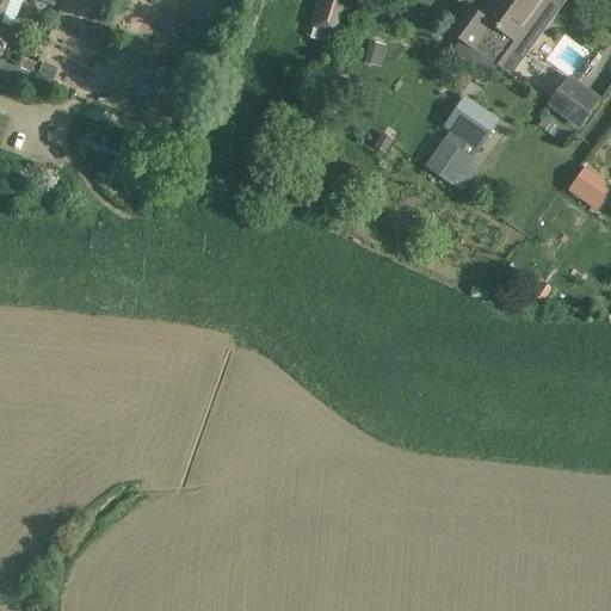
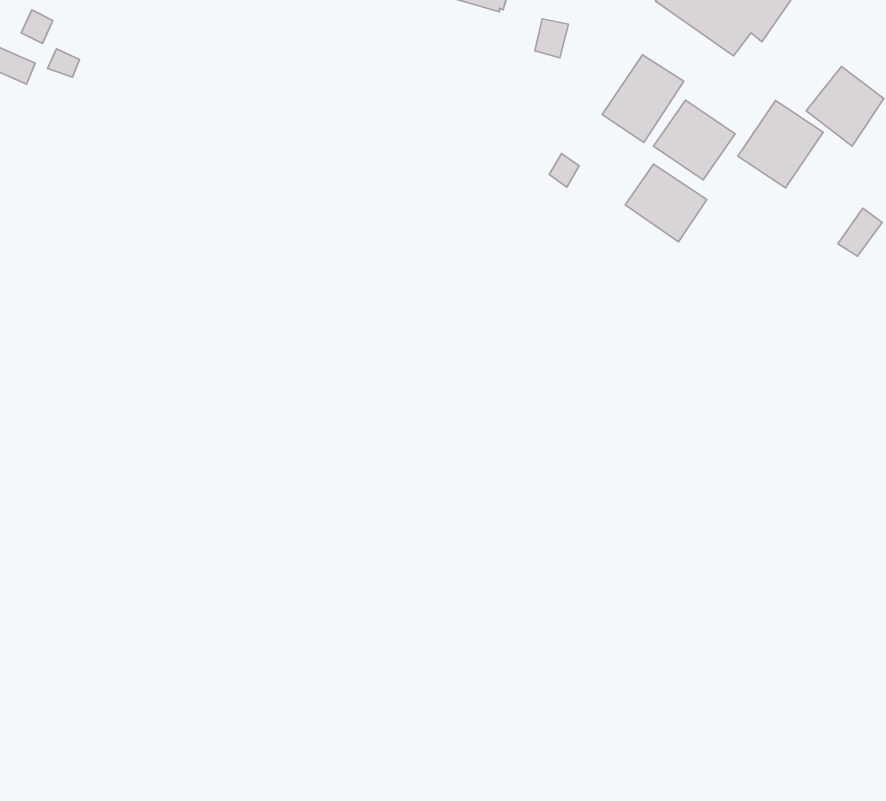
building: none -> [602,55,684,143]
building: none -> [738,100,823,188]

